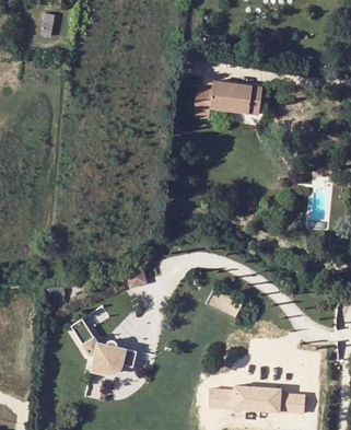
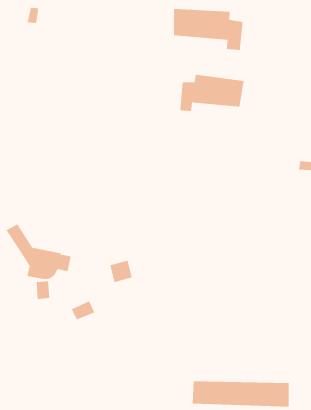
building: none -> [173,8,243,51]
building: [70,318,136,374] -> [6,223,72,279]

